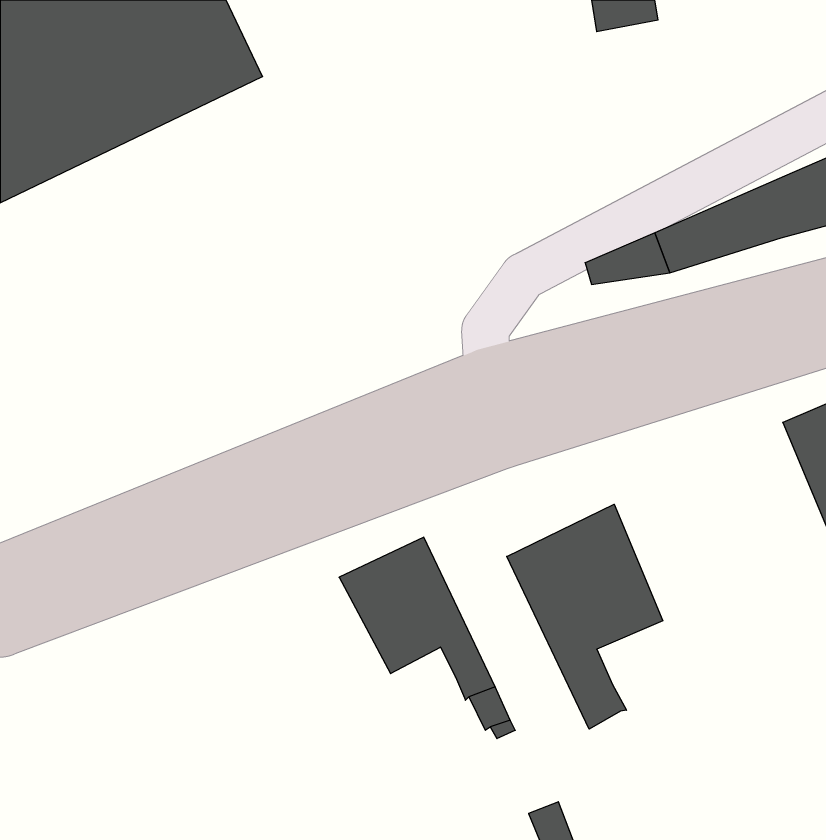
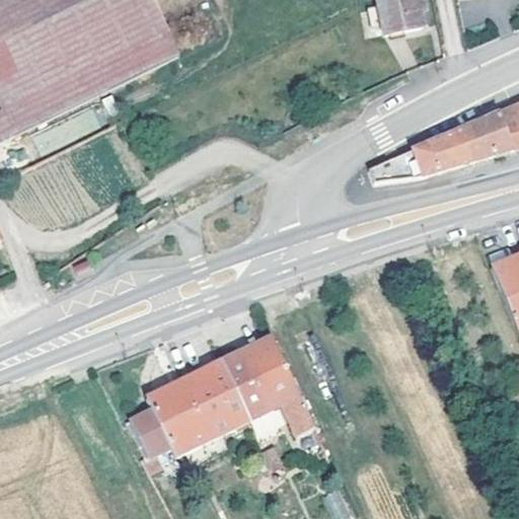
building: [507,504,663,729] -> none
building: none -> [130,358,252,471]

